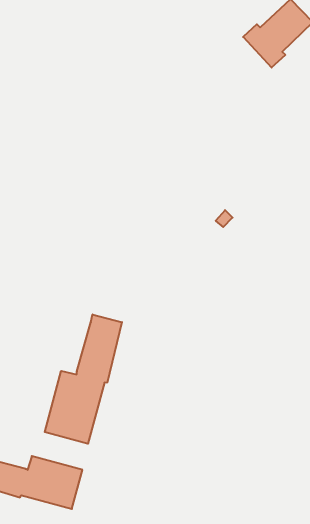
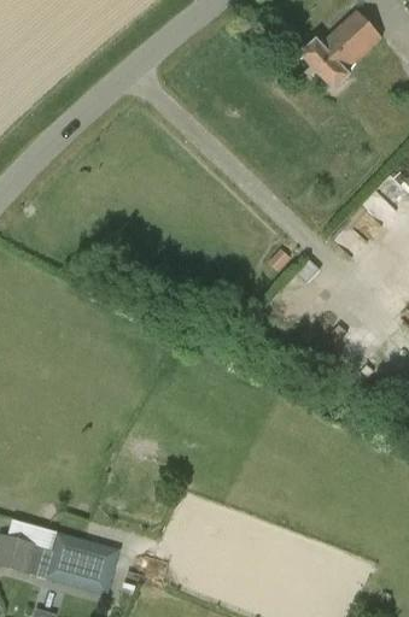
building: [45,314,122,444] -> none

